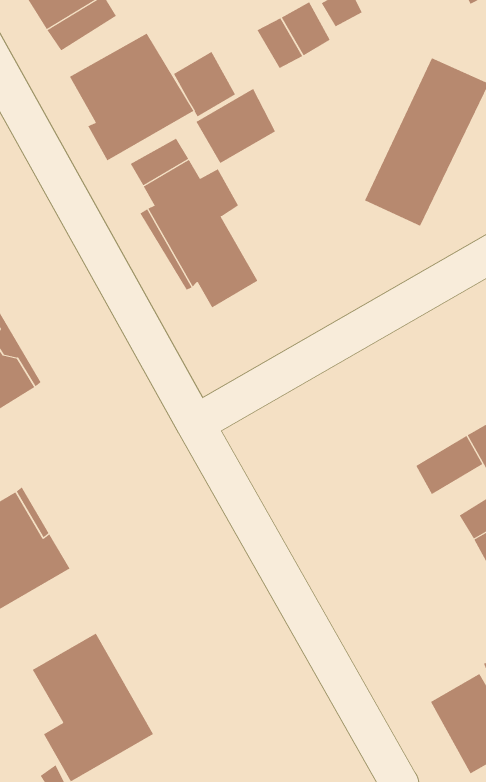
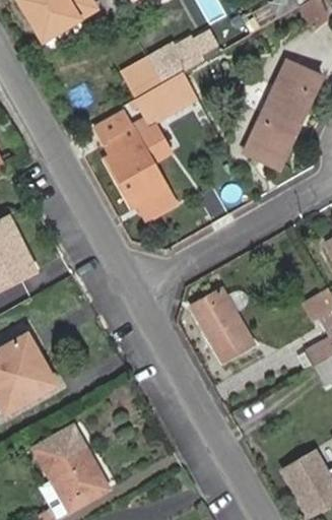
building: none -> [146,41,189,84]
building: [69,33,194,161] -> none
building: none -> [191,287,253,362]

